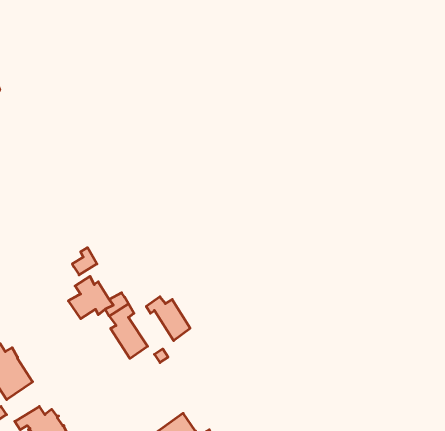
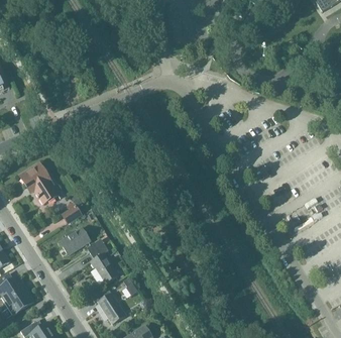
building: none -> [19,162,58,203]
building: [146,297,190,341] -> [92,291,124,323]

